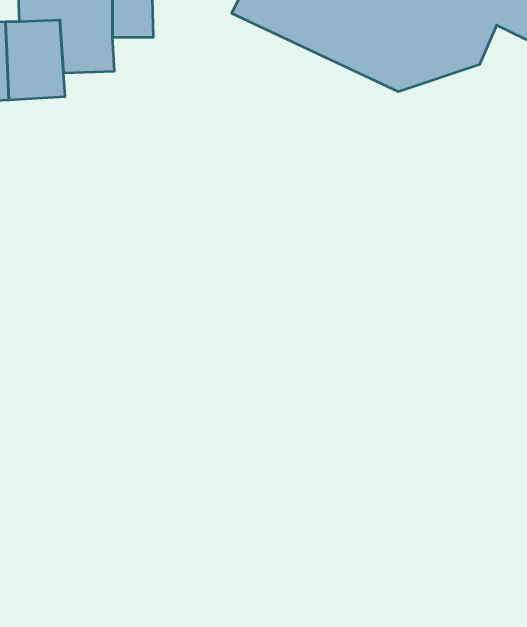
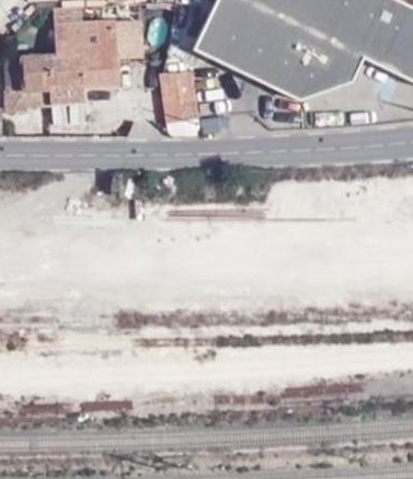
building: none -> [160,70,199,122]

